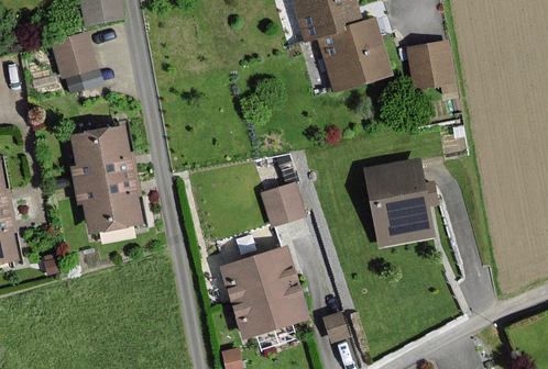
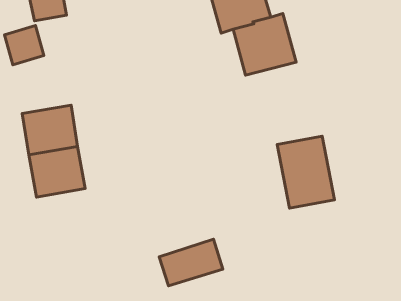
building: [407,41,453,88] -> none
building: [261,181,307,226] -> none
building: [220,248,295,303] -> none

